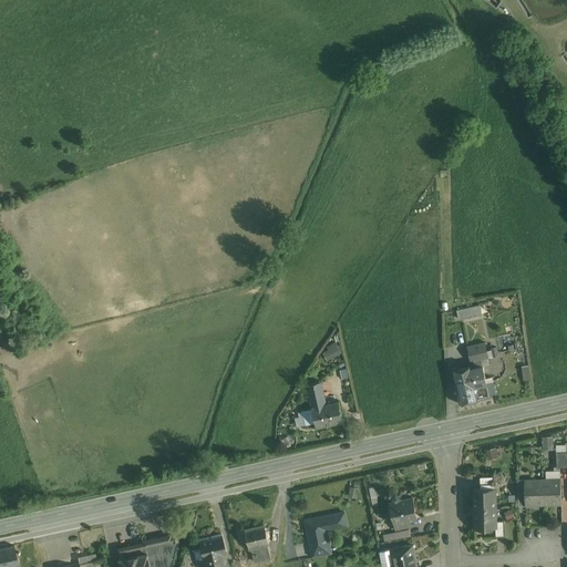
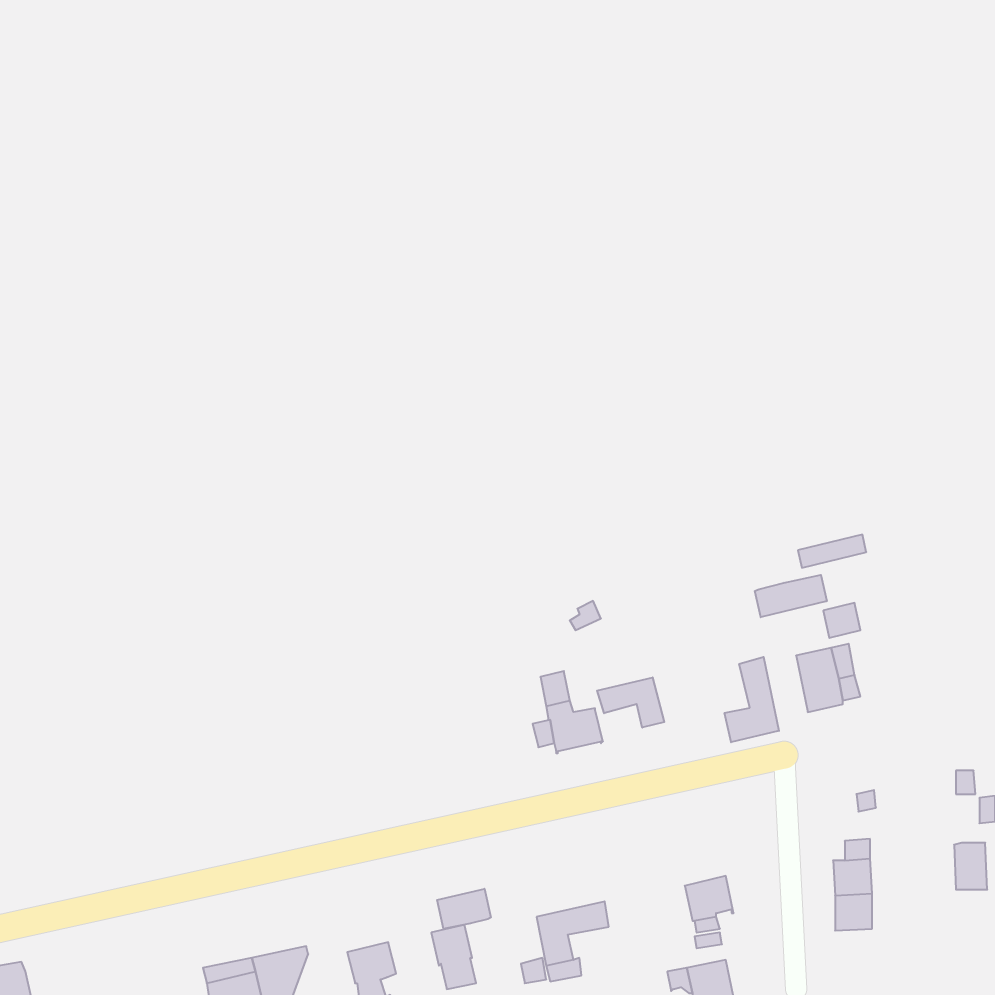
building: none -> [755,575,827,617]
building: none -> [725,657,779,742]
building: none -> [597,677,664,728]
building: [524,481,543,507] -> none
building: none -> [437,889,491,929]

